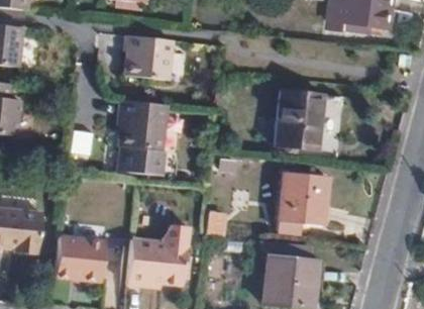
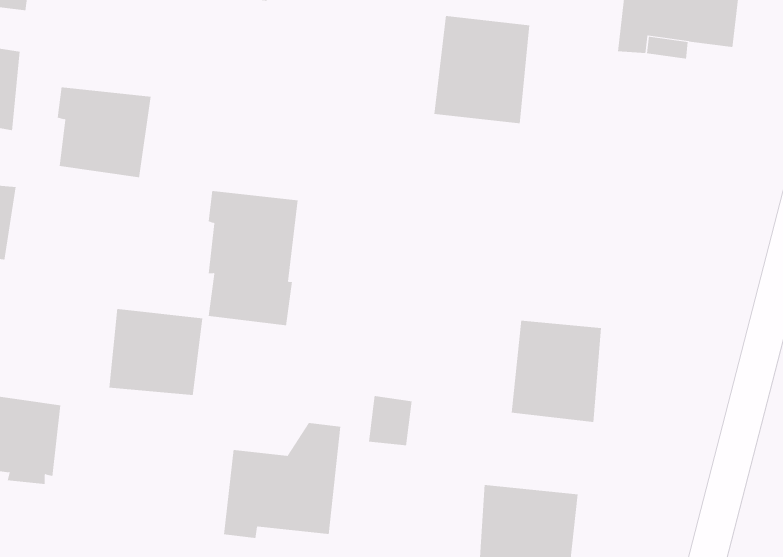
building: [121,36,171,84] -> [57,87,151,178]
building: [274,93,324,149] -> [434,16,530,124]
building: [57,234,106,280] -> [109,308,203,395]

